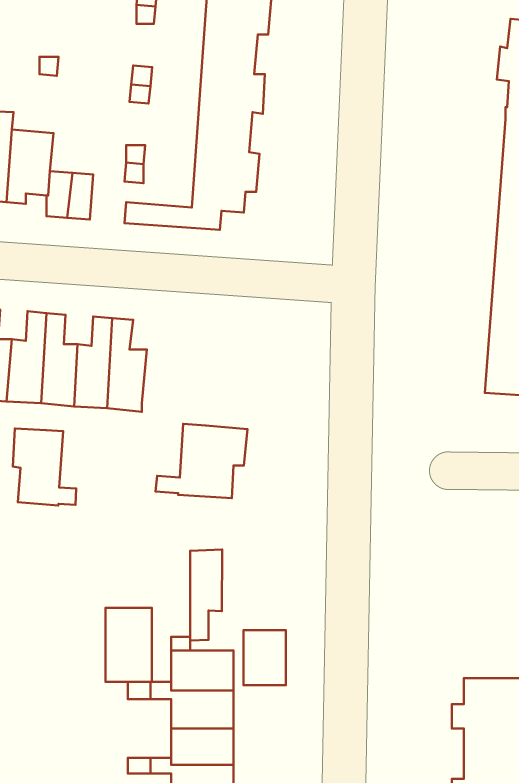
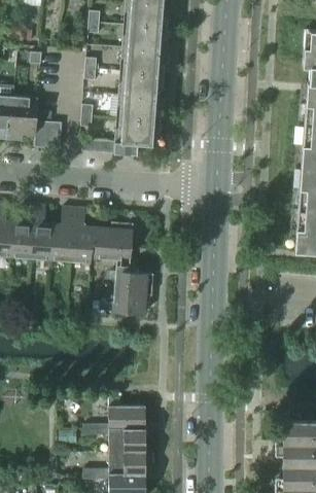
building: none -> [91,222,133,273]
building: [13,428,76,506] -> none
building: [190,549,222,640] -> none
building: [106,608,152,682] -> none
building: [243,630,286,685] -> none

